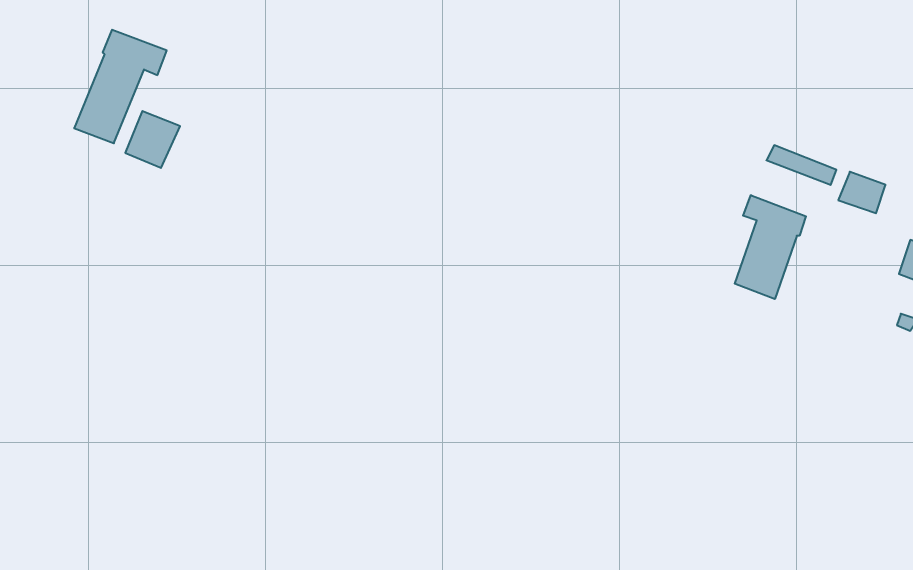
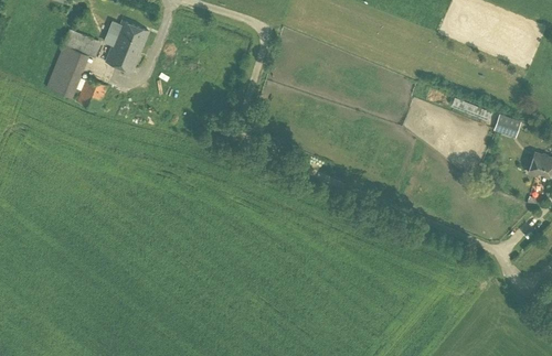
building: none -> [106,20,148,72]
building: [735,195,806,299] -> none

